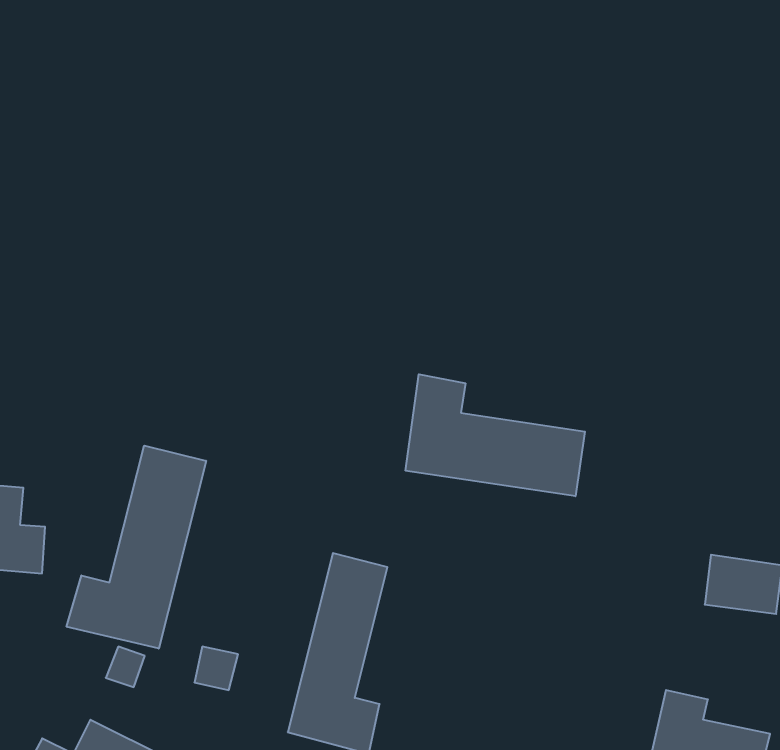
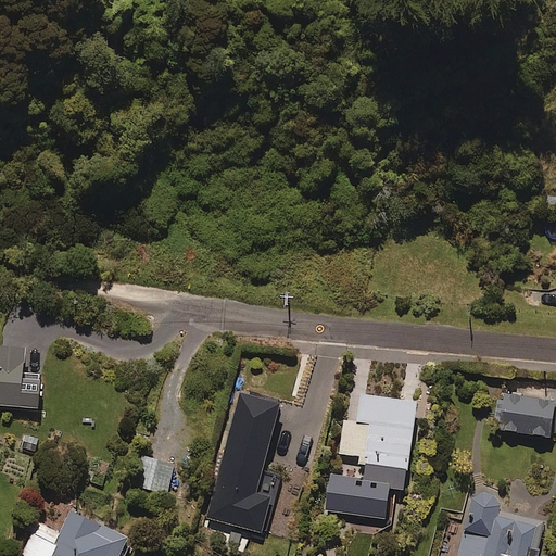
building: [406,374,585,496] -> none
building: [67,446,206,649] -> none
building: none -> [325,394,417,519]

